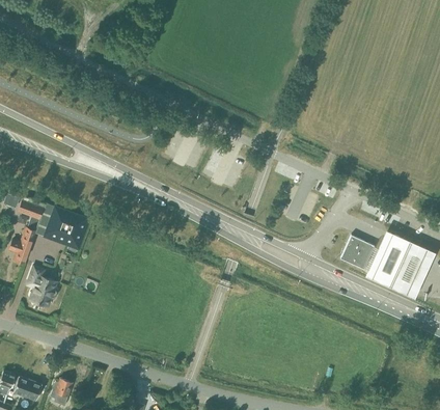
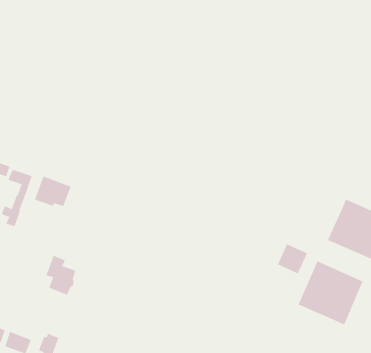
building: [341,236,375,269] -> [277,244,308,274]
building: [25,265,58,308] -> [46,255,76,295]
building: none -> [298,261,364,325]

